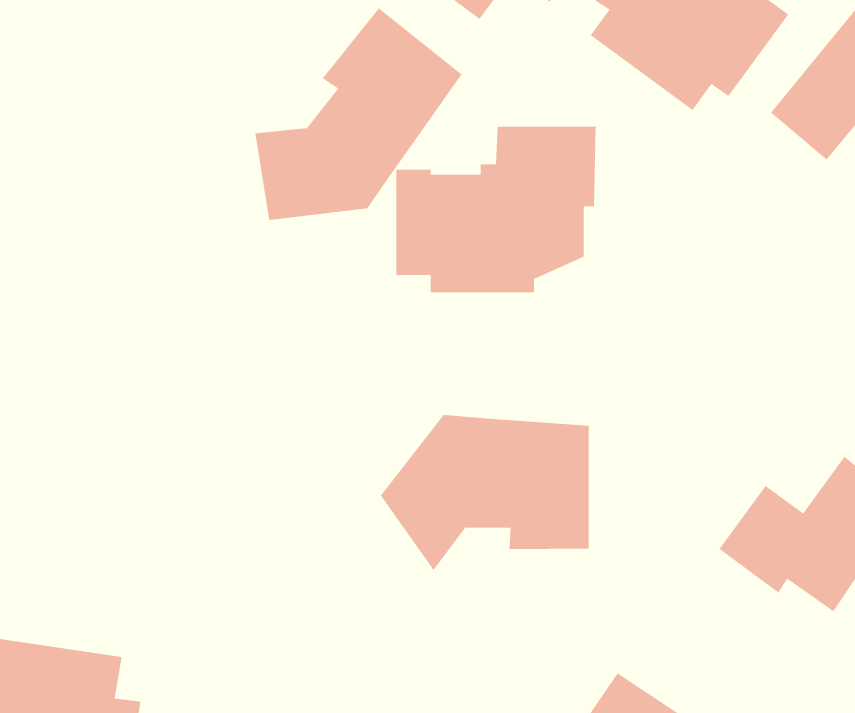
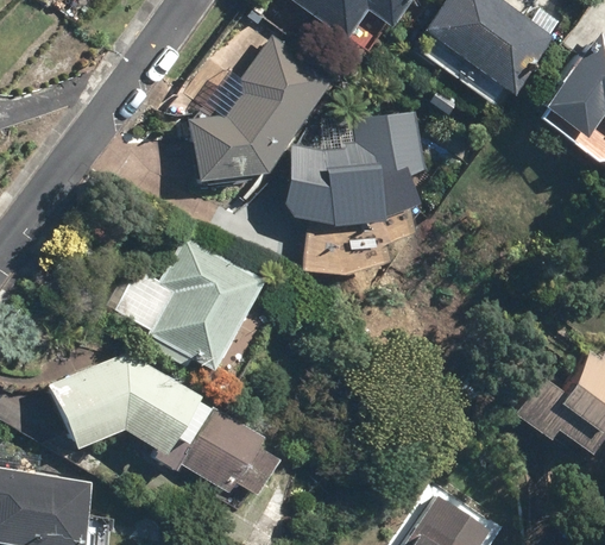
building: none -> [103,233,265,371]
building: [380,414,589,571] -> none
building: none -> [49,352,281,495]

